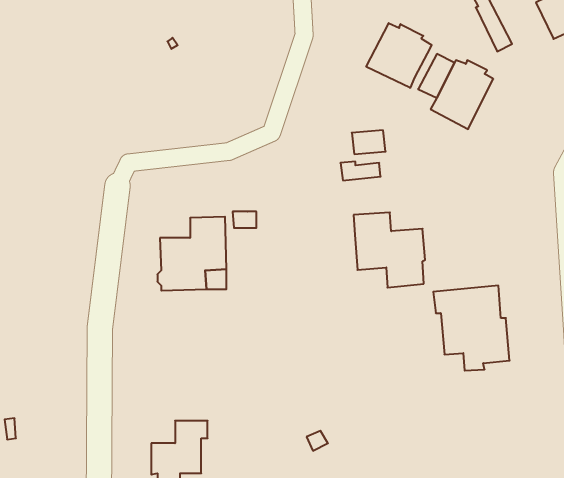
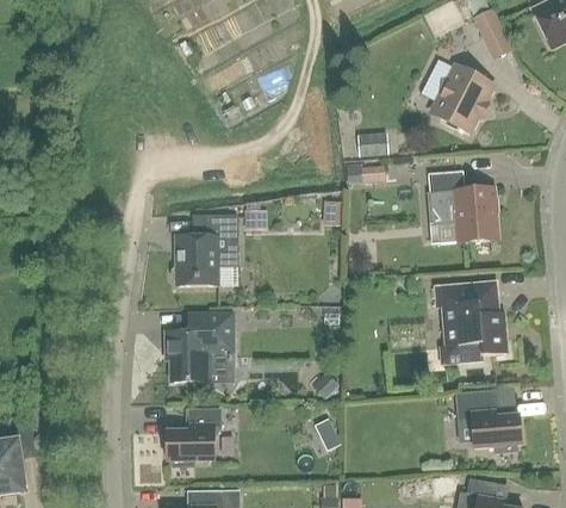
building: [366,23,432,88] -> none
building: [354,212,425,288] -> [429,171,497,242]
building: none -> [166,312,234,380]
building: none -> [456,390,522,452]

